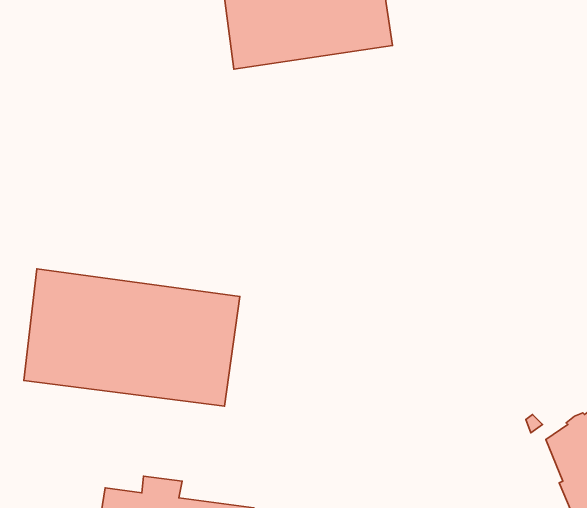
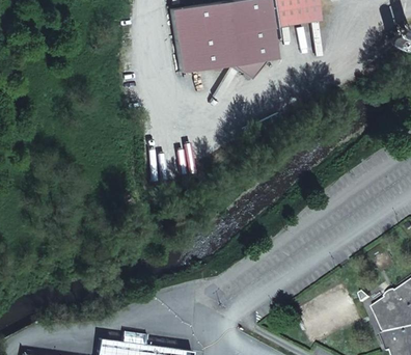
building: [24,269,240,406] -> none

